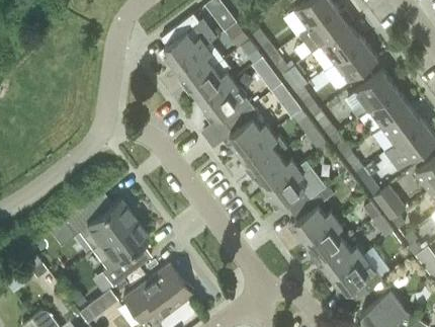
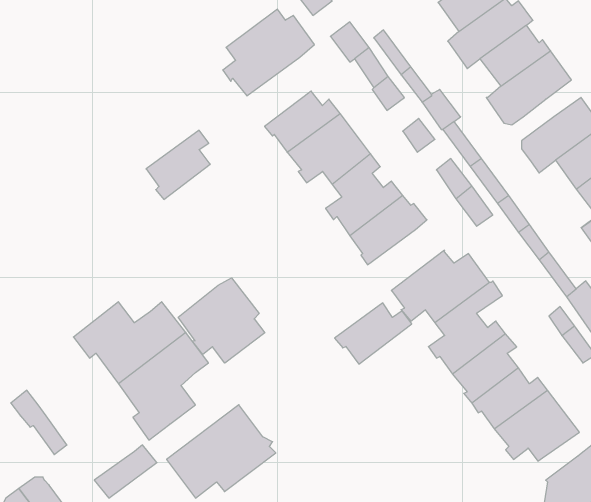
building: [174,46,214,89] -> [146,130,210,199]
building: [250,154,298,192] -> [335,303,412,364]
building: none -> [178,278,265,363]

